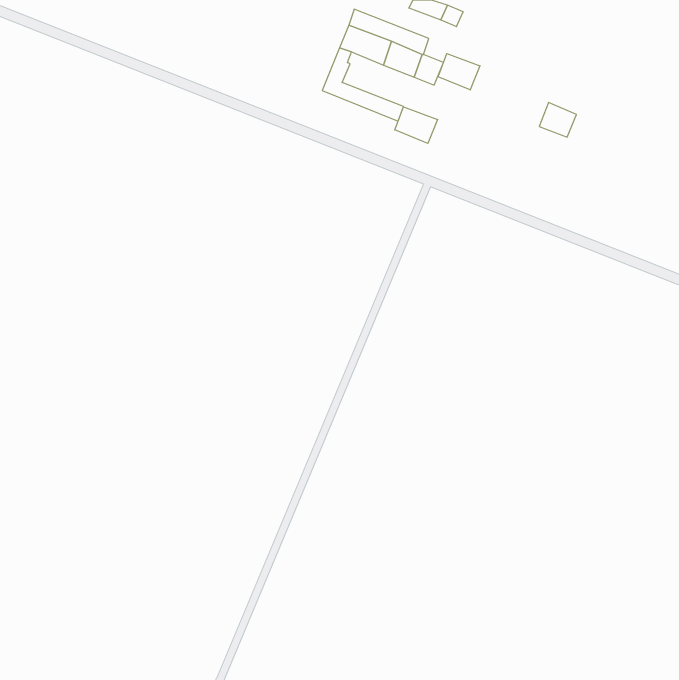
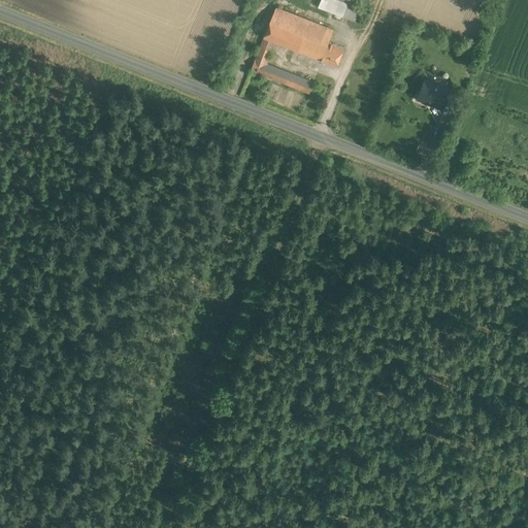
building: [438,54,480,90] -> none
building: [395,107,438,143] -> none

